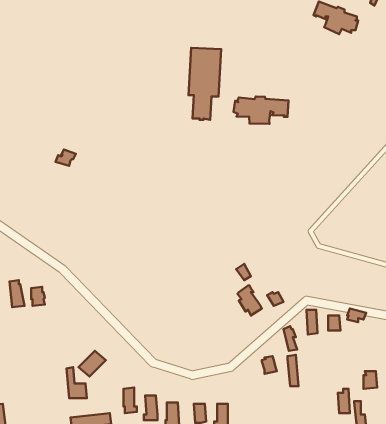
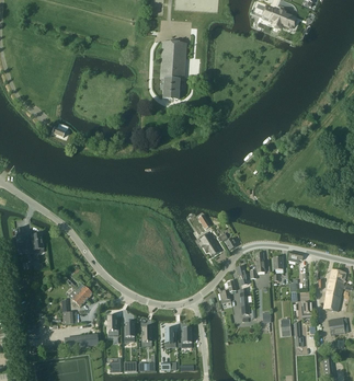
building: [233,96,289,124] -> none

